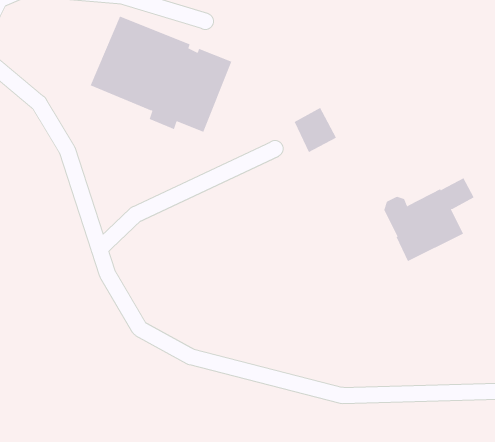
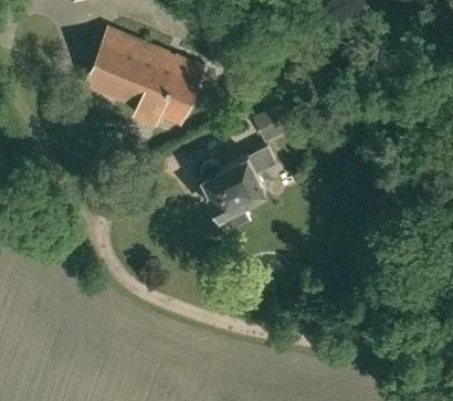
building: [383,177,475,262] -> [201,147,276,217]

